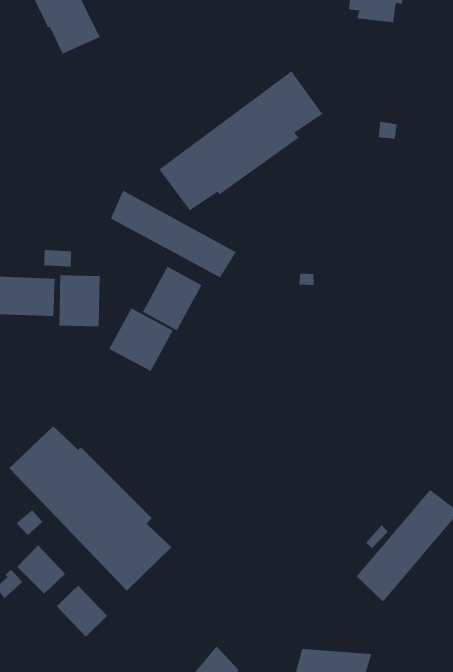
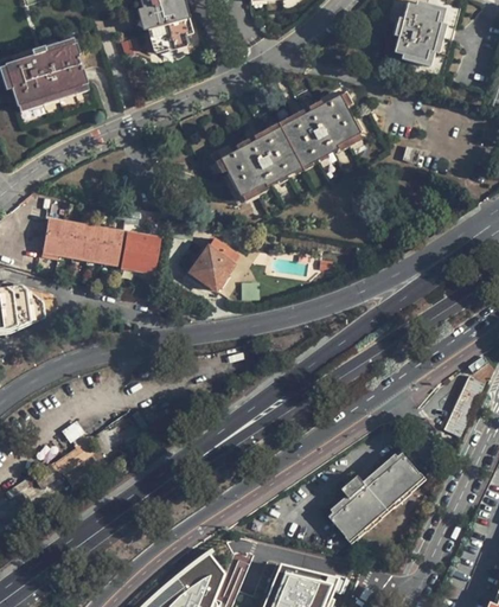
building: [110,190,237,278] -> none
building: [109,308,173,372] -> none
building: [8,425,172,592] -> none
building: [56,585,108,637] -> none

